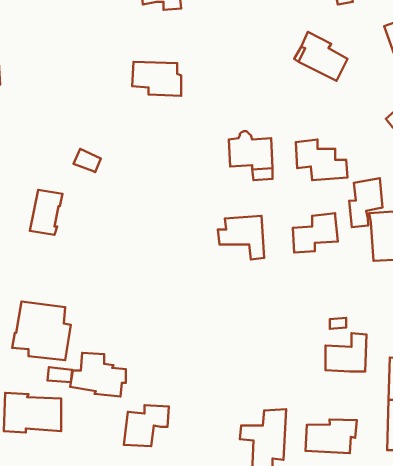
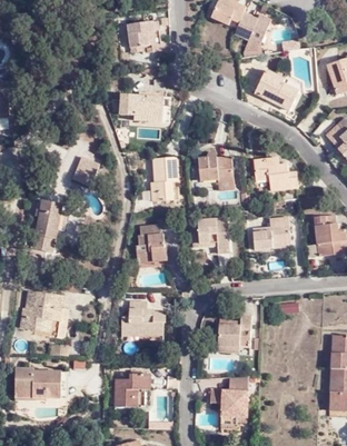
building: none -> [148,157,177,200]
building: [349,178,382,227] -> none
building: none -> [135,225,166,264]
building: [326,333,366,371] -> [215,317,248,348]
building: [70,353,126,396] -> [119,303,165,338]
building: [306,419,357,453] -> none

